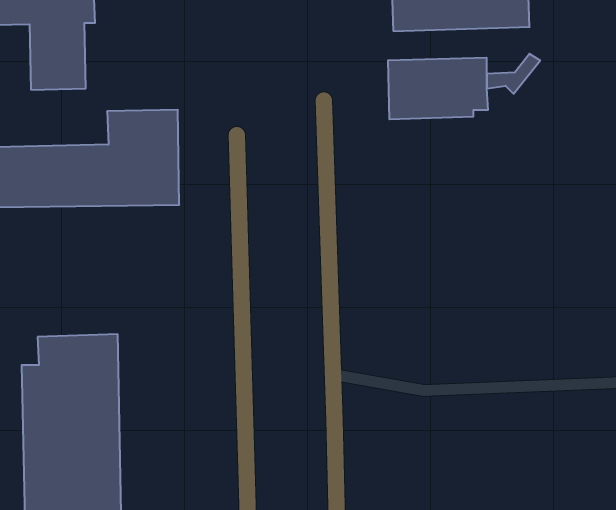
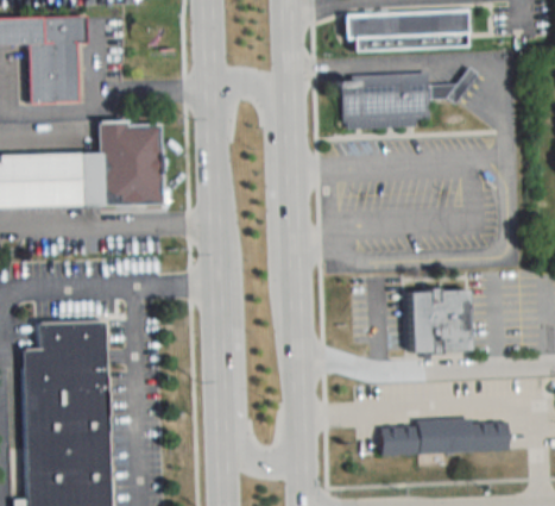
building: none -> [406,289,468,352]
building: none -> [379,420,502,455]

